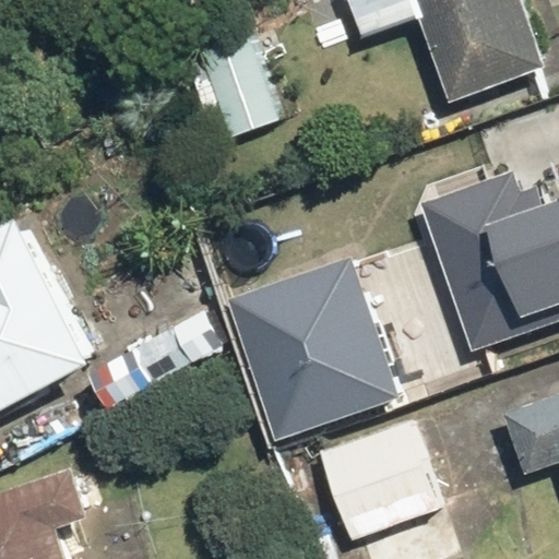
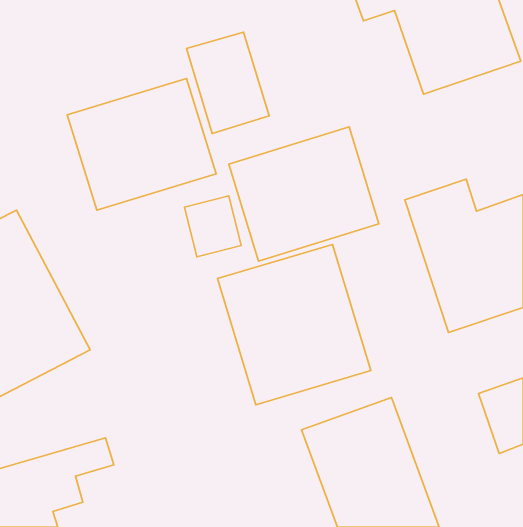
building: none -> [67,78,216,210]
building: none -> [229,127,379,261]

